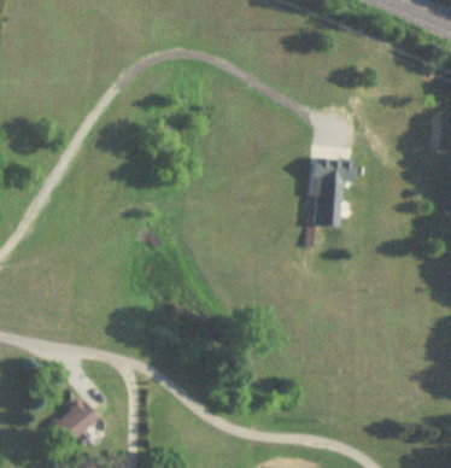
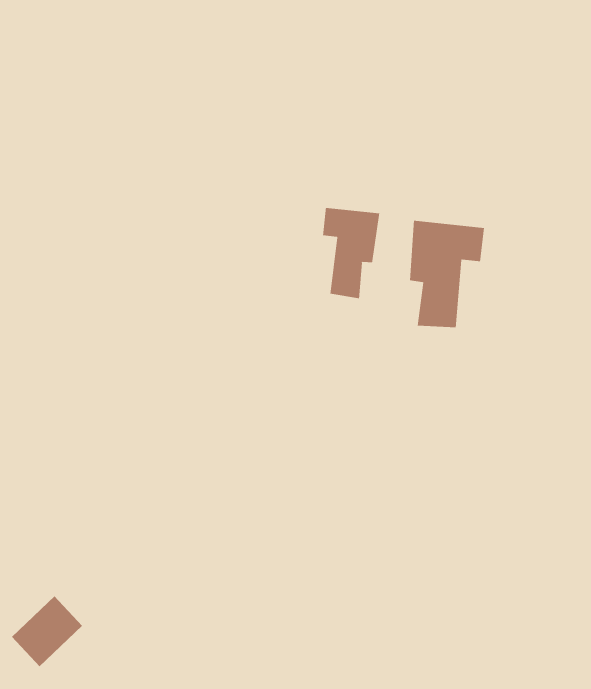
building: none -> [322,207,380,299]

